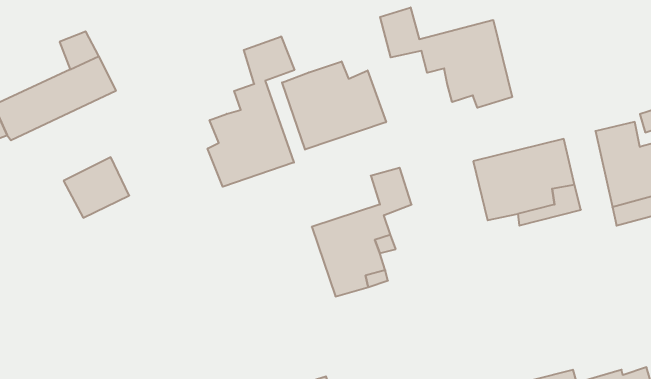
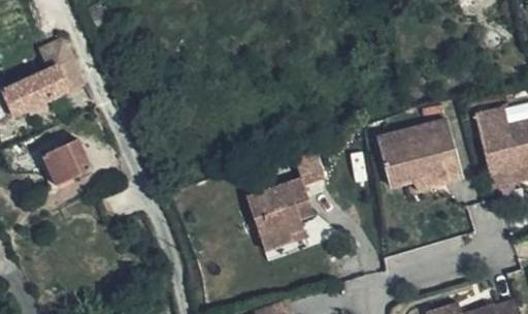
building: [380,7,512,108] -> none
building: [208,36,294,187] -> none
building: [282,61,386,150] -> none

